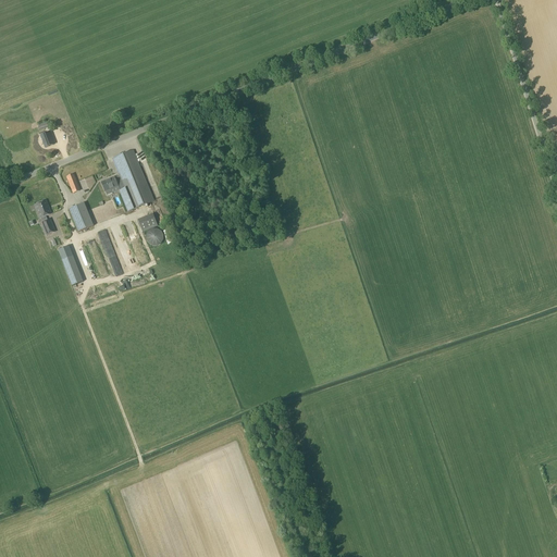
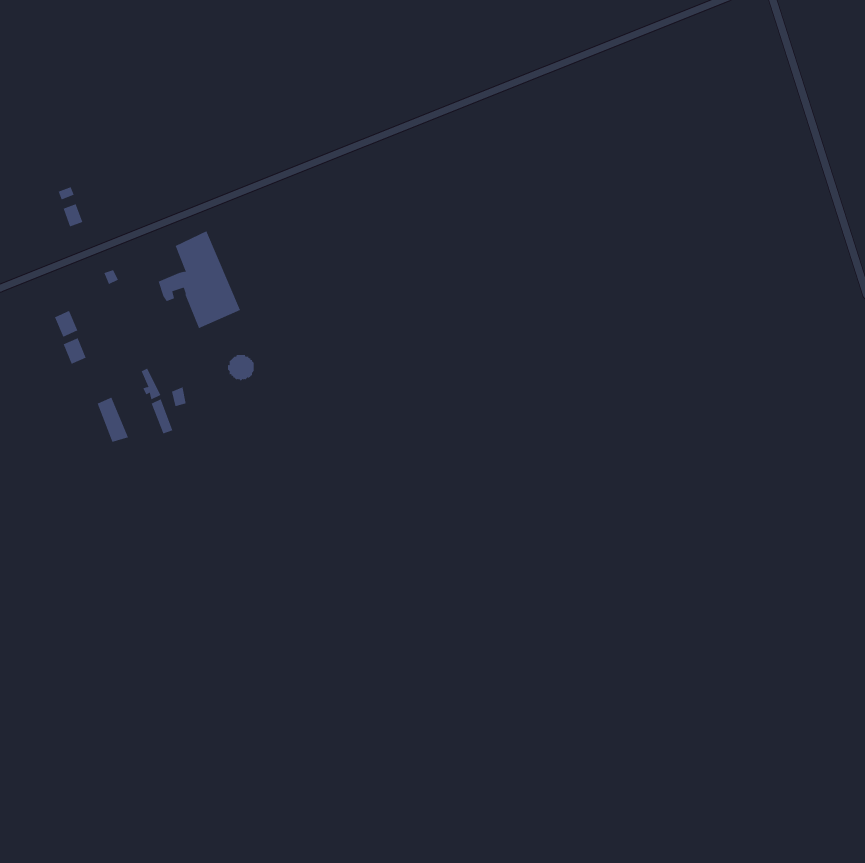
building: [70,201,95,231] -> none

